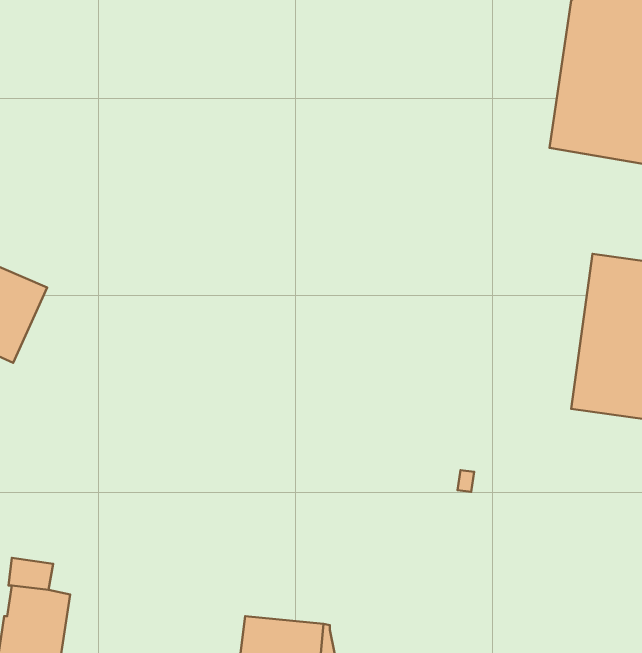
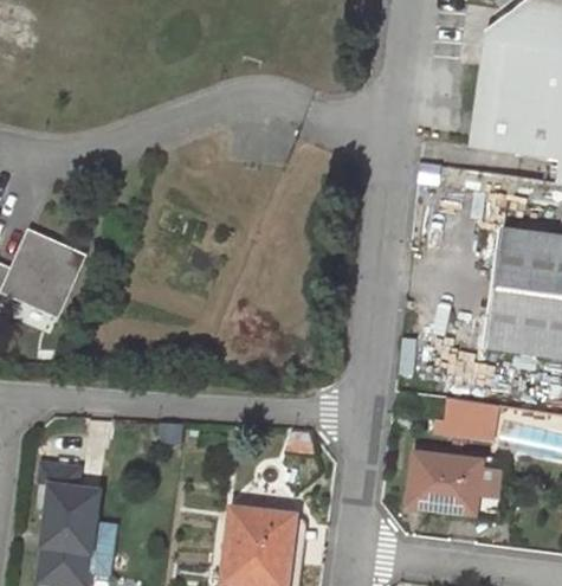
building: none -> [428,399,497,442]
building: none -> [408,452,505,514]

